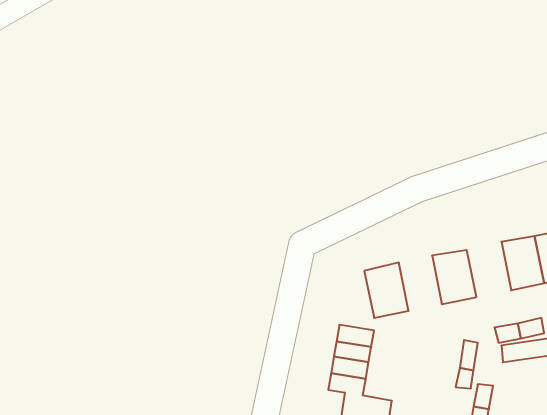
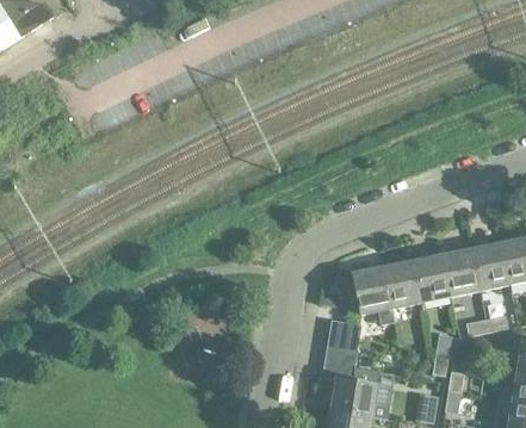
building: none -> [441,248,479,296]
building: none -> [383,260,420,308]

